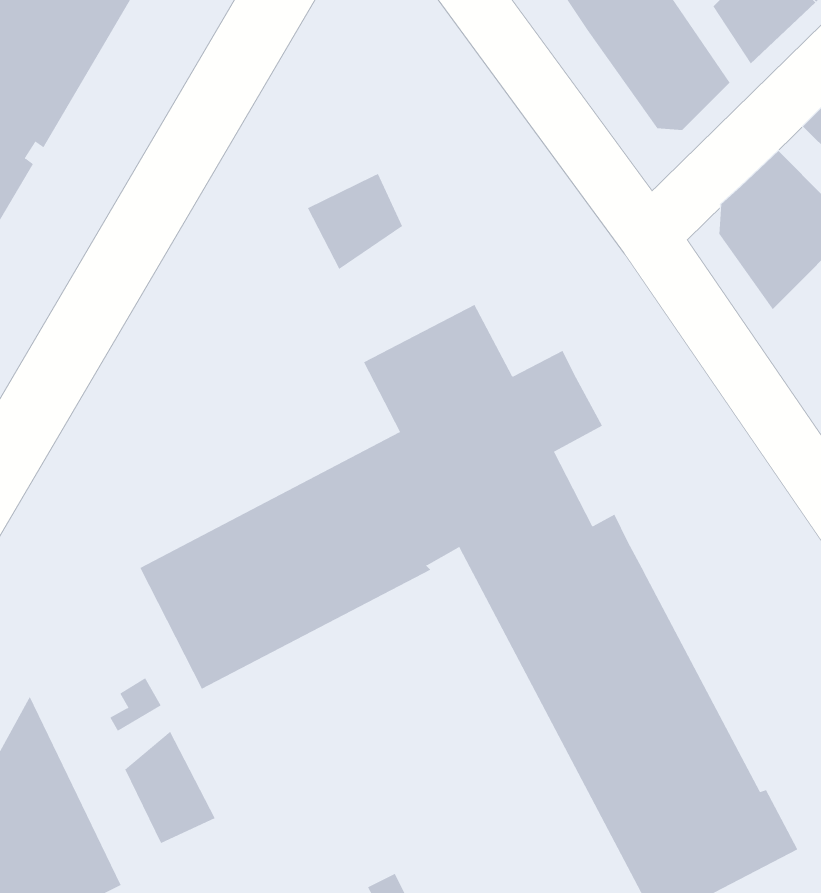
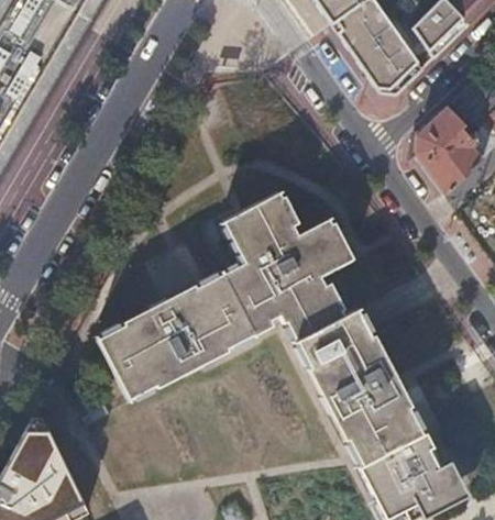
building: [307,173,403,270] -> none
building: [125,731,215,844] -> none

